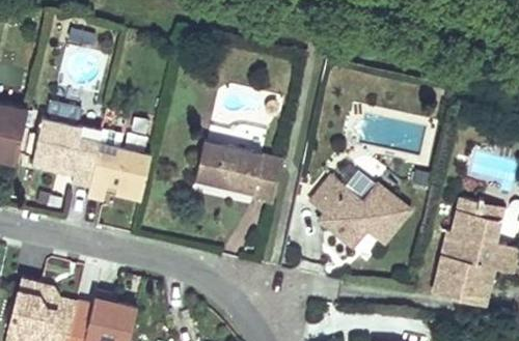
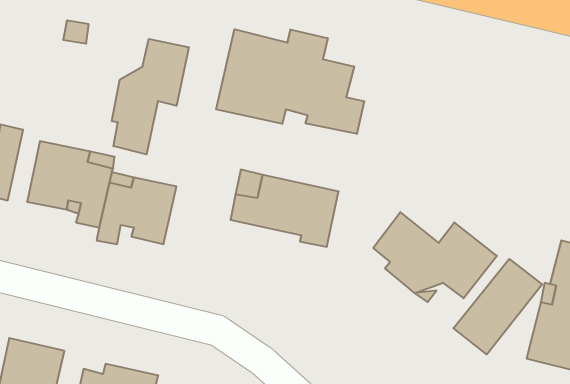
building: none -> [216,29,364,134]
building: none -> [112,39,189,154]
building: none -> [453,259,542,354]

